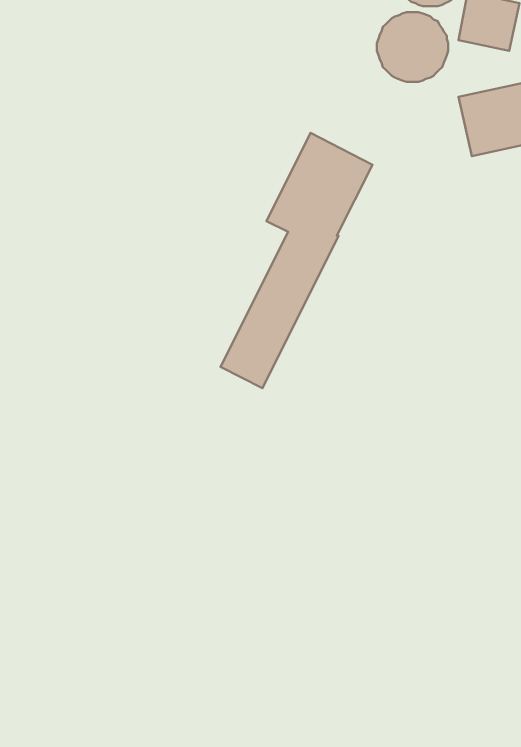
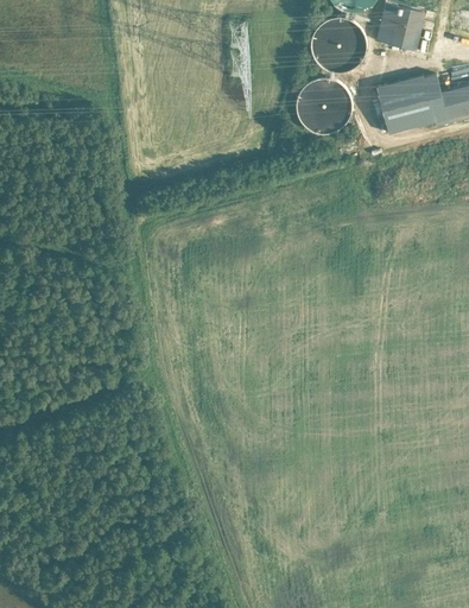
building: none -> [296,83,354,141]
building: [220,133,373,388] -> none

